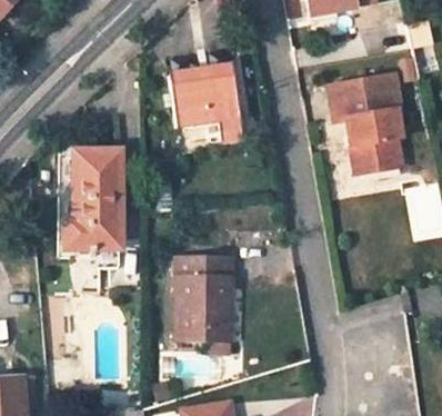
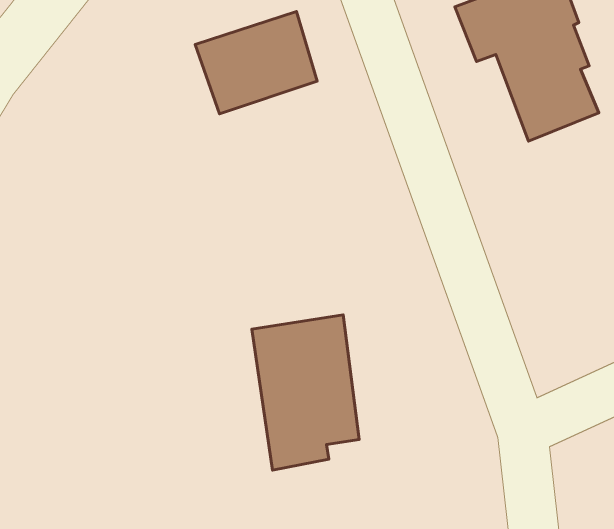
building: [67,151,121,248] -> none

